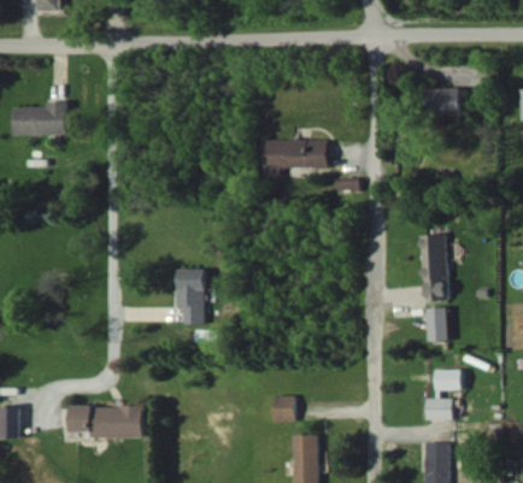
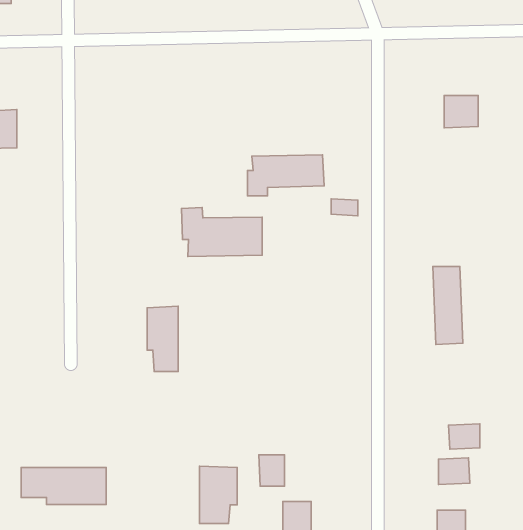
building: none -> [181,208,262,257]
building: [427,307,447,341] -> none
building: none -> [199,466,237,524]

